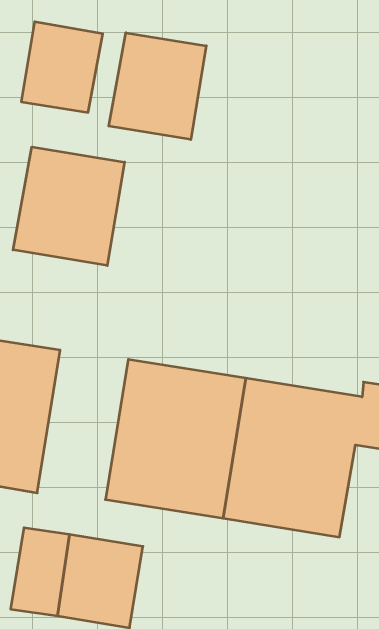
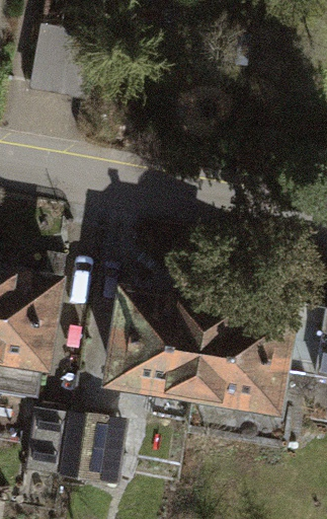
building: [109,33,206,140] -> none
building: [13,147,125,266] -> none

